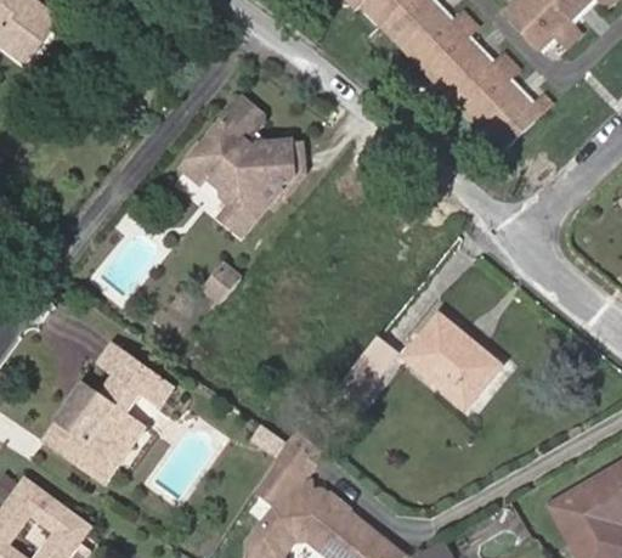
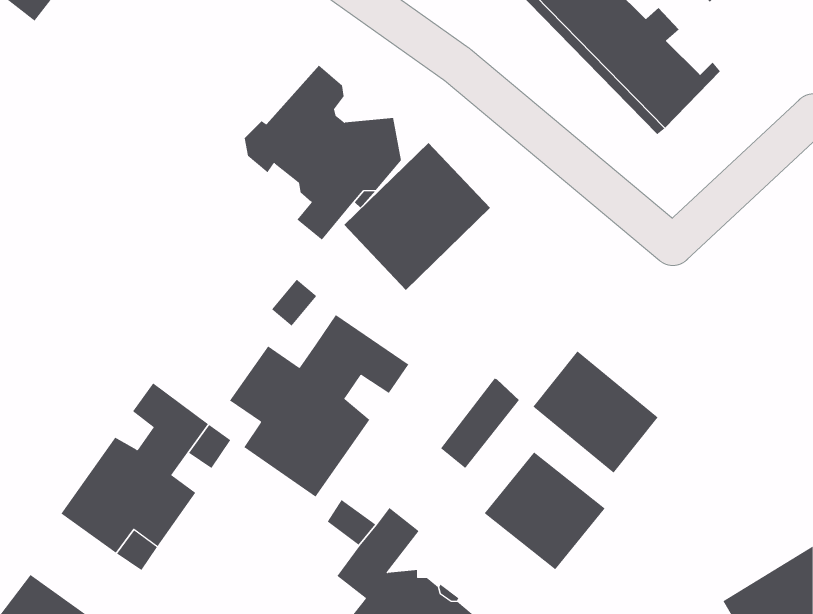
building: none -> [343,142,491,291]
building: none -> [229,314,409,498]
building: none -> [484,452,605,570]

